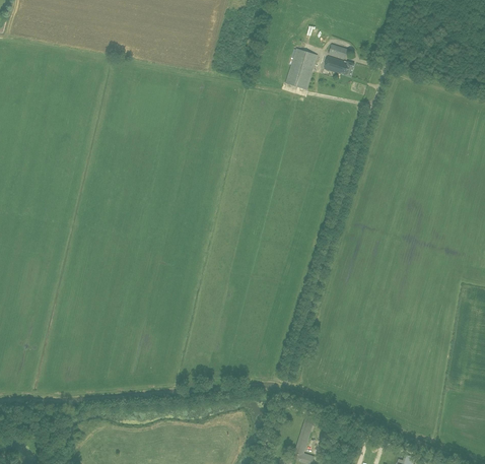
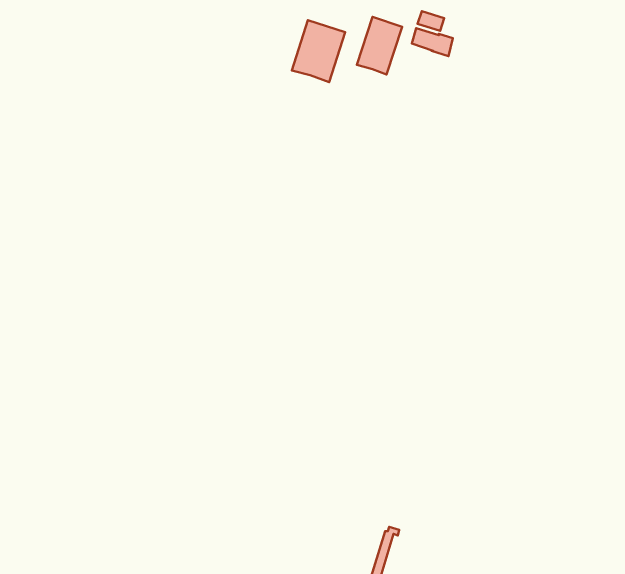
building: none -> [292,20,345,82]

